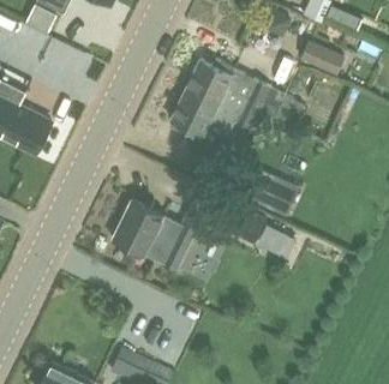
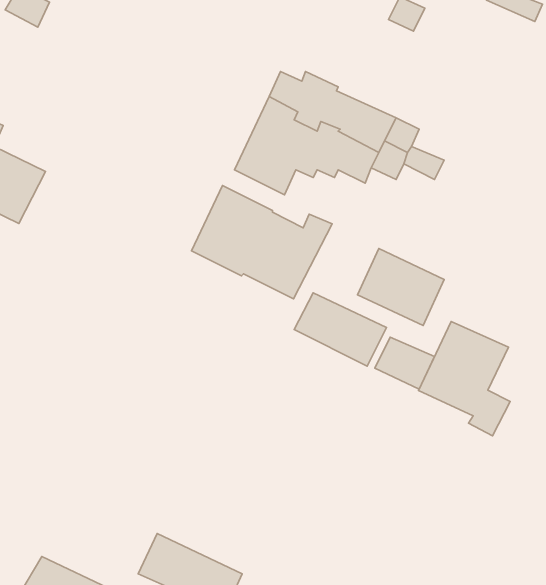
building: [301,42,345,76] -> none
building: [113,200,201,271] -> [192,185,332,299]
building: none -> [418,321,510,436]

